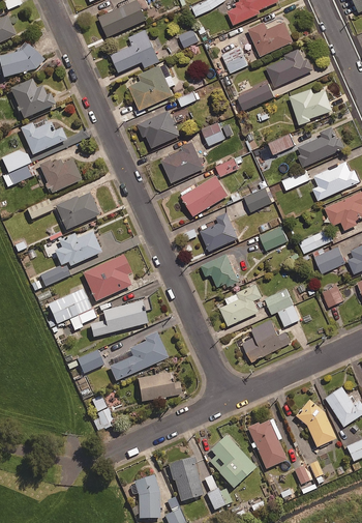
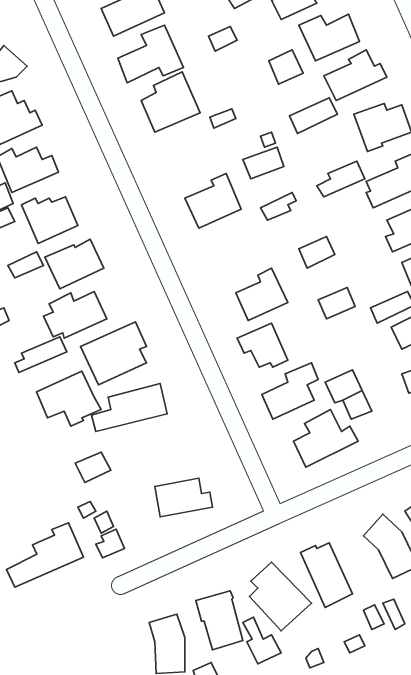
building: [135,110,179,148] -> none
building: [180,175,227,216] -> none
building: [110,330,168,379] -> [7,523,83,587]

